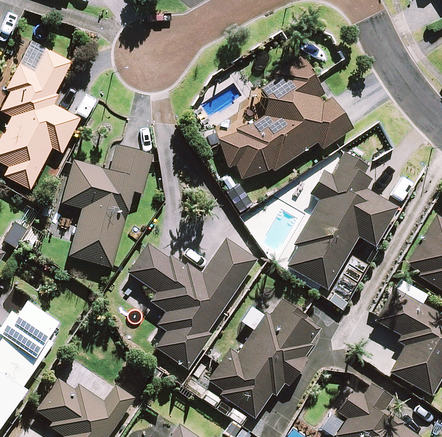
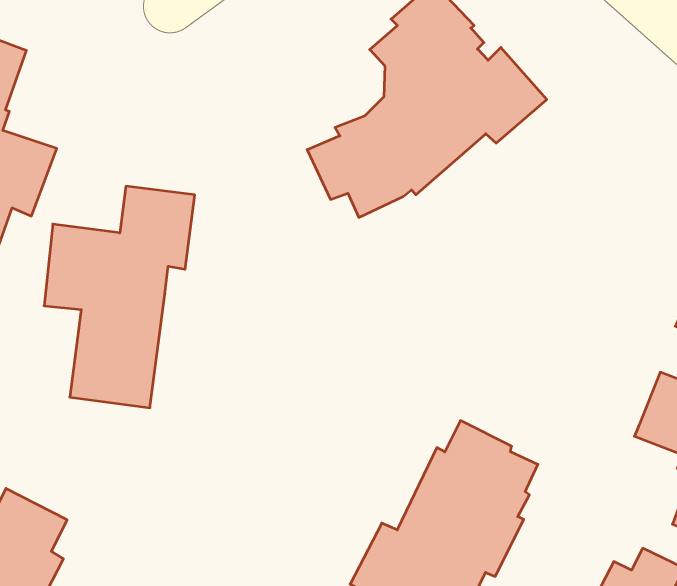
building: [286,153,398,290] -> none
building: [127,239,257,370] -> none

